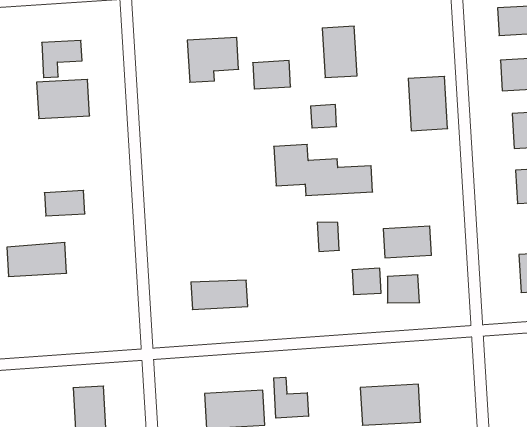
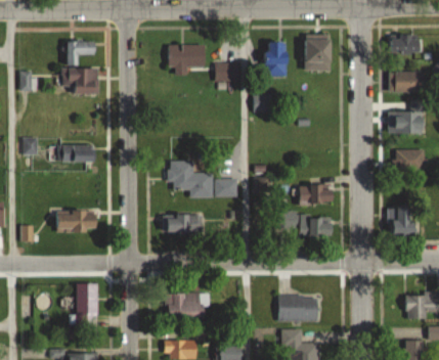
building: [408,76,448,131] -> [305,33,331,70]
building: [274,145,373,196] -> [169,161,236,196]
building: [7,243,67,276] -> [56,210,97,231]
building: [274,377,309,418] -> none

